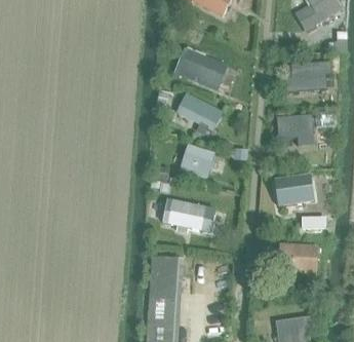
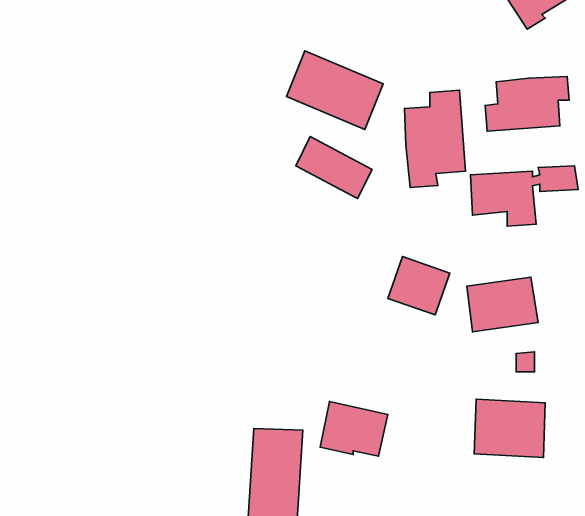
building: none -> [405,90,466,188]
building: [179,146,213,179] -> [388,257,450,315]
building: [166,199,204,230] -> [320,402,388,456]

